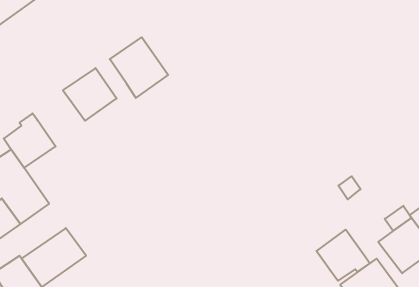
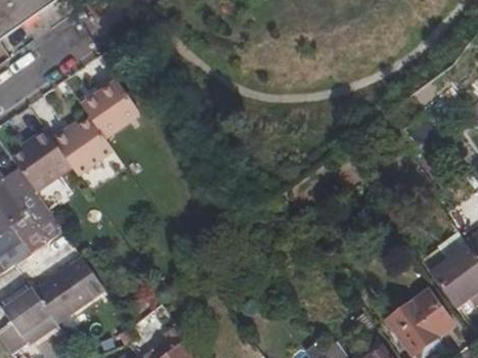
building: [110,37,168,98] -> none
building: none -> [50,117,110,173]
building: [316,230,370,281] -> none

